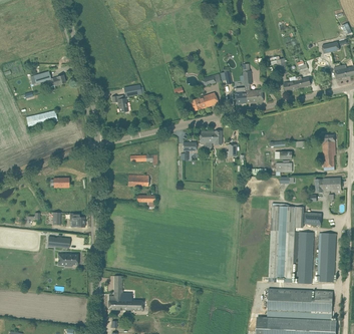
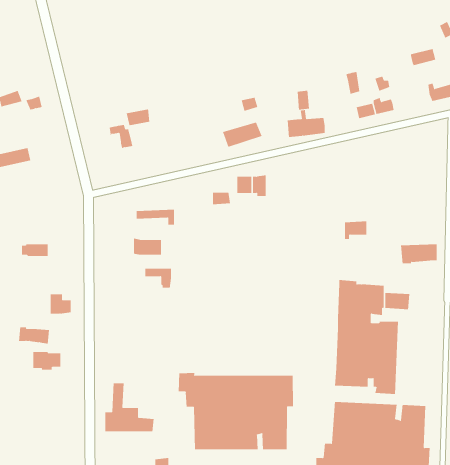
building: [321,133,335,166] -> none
building: [314,232,336,282] -> none
building: none -> [178,372,293,450]

